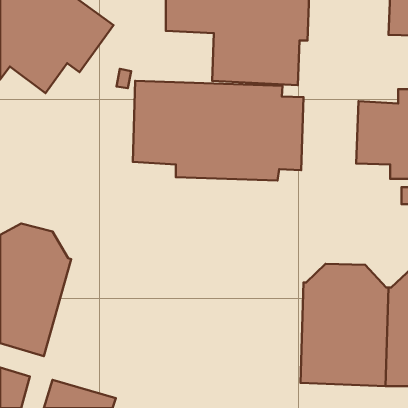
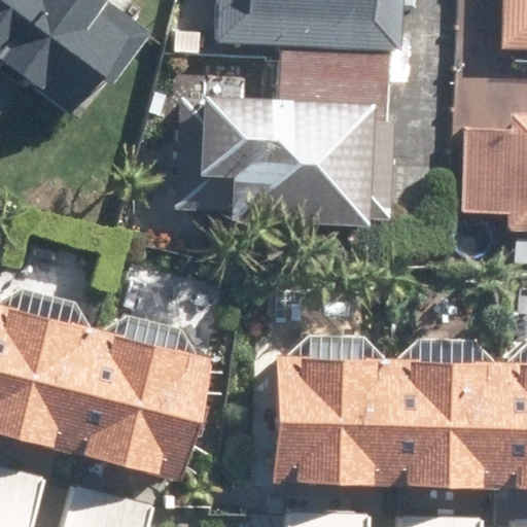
building: none -> [63,312,206,482]
building: none -> [271,335,393,487]

